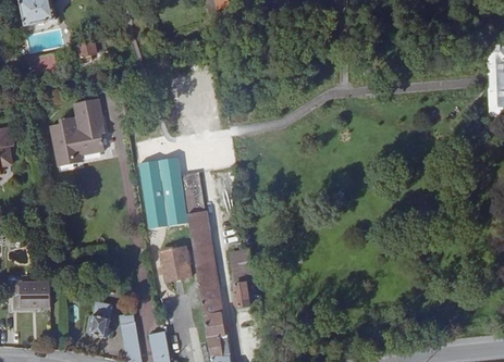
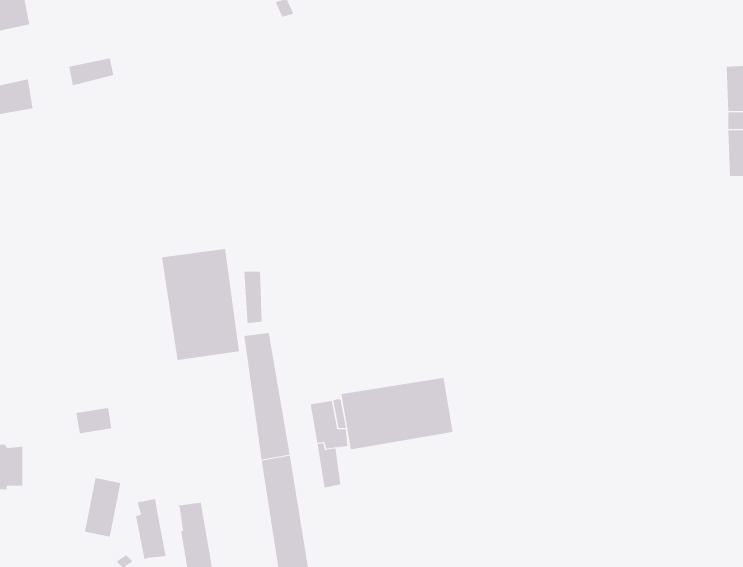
building: [51,98,107,164] -> none
building: none -> [341,377,453,450]
building: [159,248,190,282] -> none

